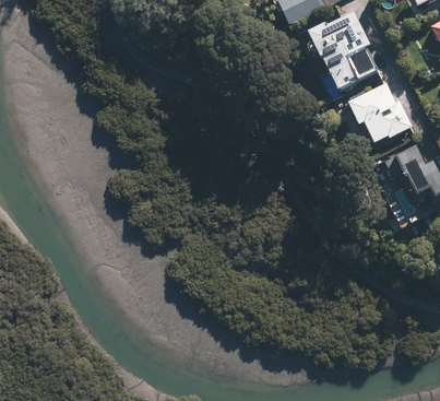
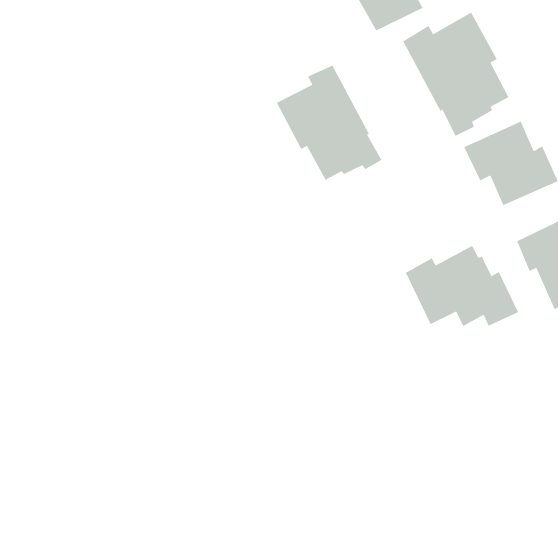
building: none -> [276,65,383,181]
building: none -> [405,245,519,327]

